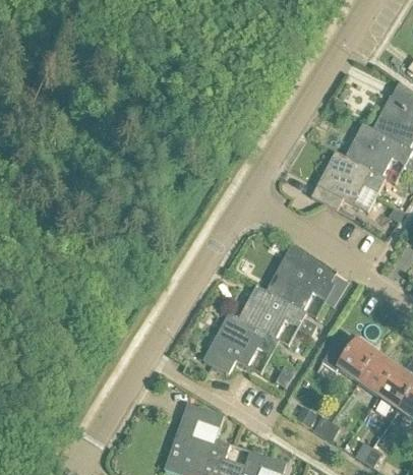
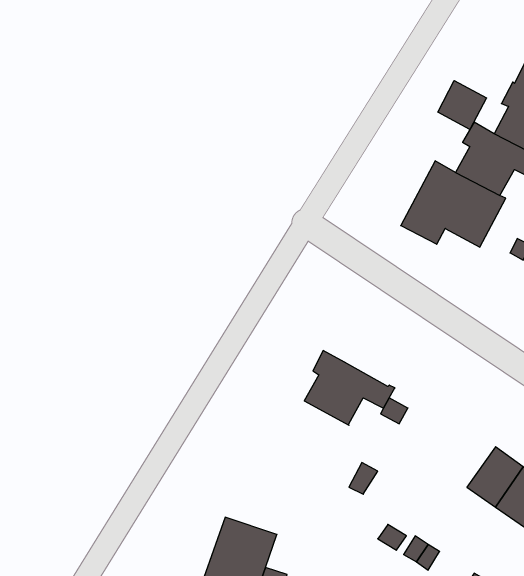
building: none -> [438,81,487,129]
building: [272,246,336,310] -> none
building: [203,312,279,373] -> none
building: [321,338,378,381] -> none

